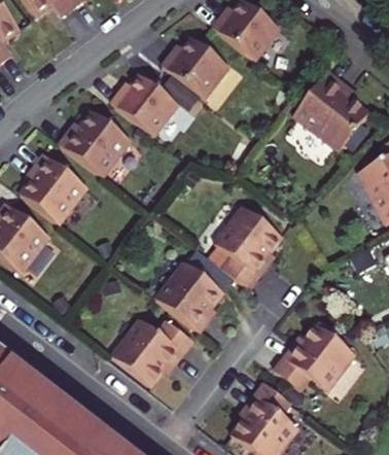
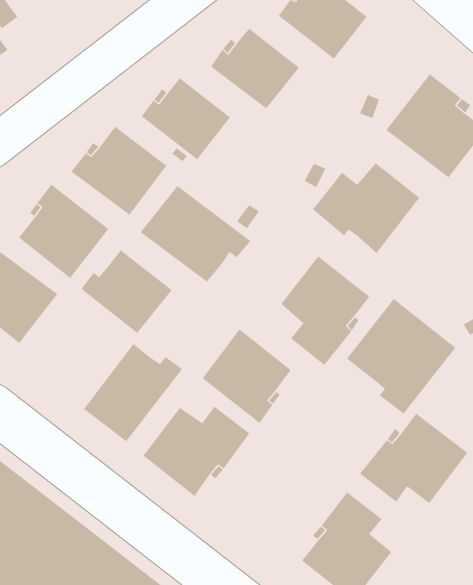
building: none -> [312,162,420,254]
building: none -> [140,185,251,282]
building: none -> [80,249,172,334]
building: none -> [346,298,456,415]
building: none -> [83,343,183,442]

